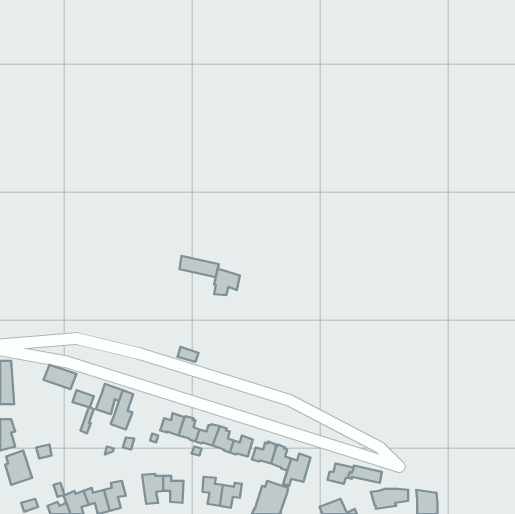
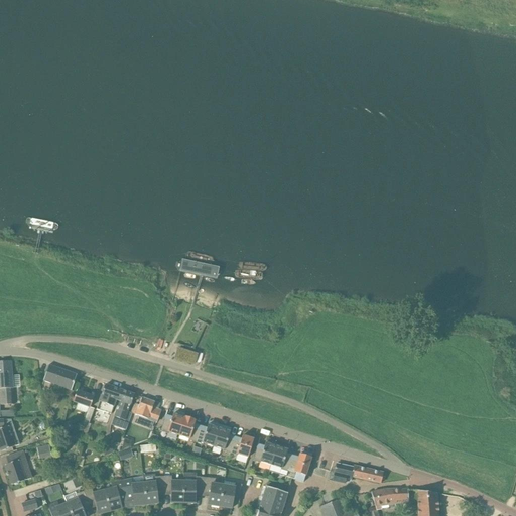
building: [214,269,240,295] -> none
building: none -> [132,397,160,422]
building: none -> [182,476,204,503]
building: none -> [122,479,146,506]

